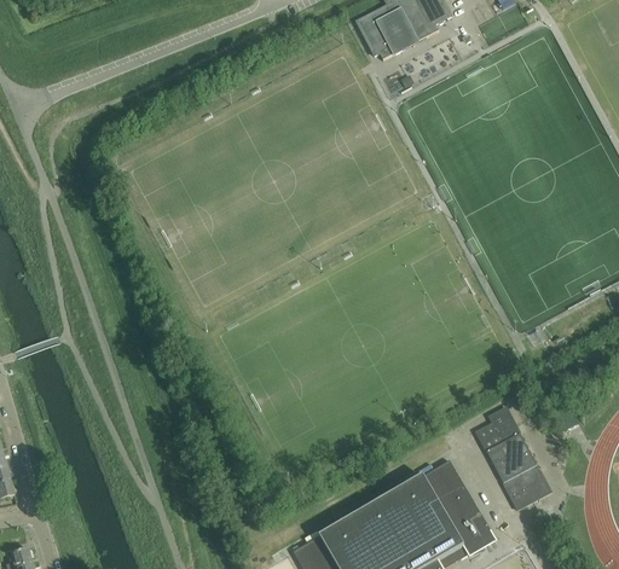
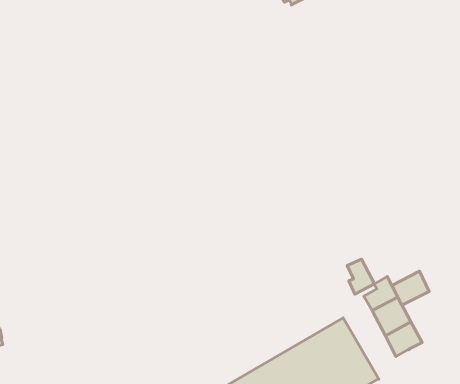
building: none -> [347,259,374,294]
building: none -> [392,271,429,305]

